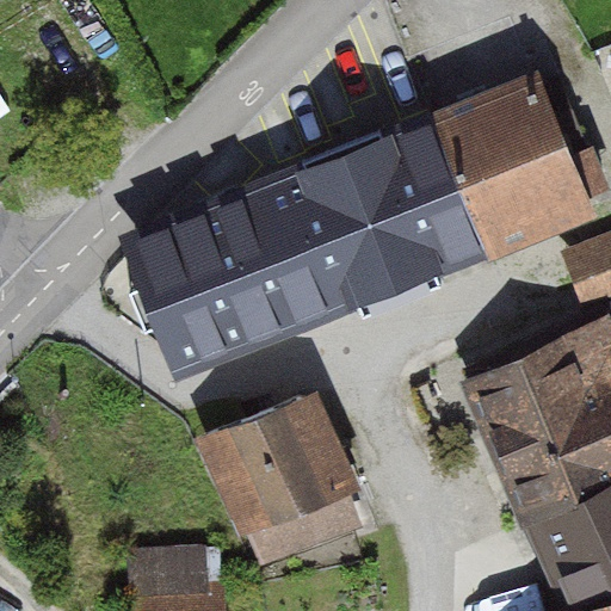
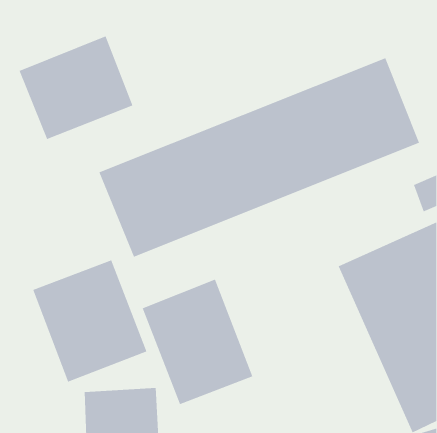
building: none -> [19,36,133,140]
building: none -> [33,259,147,382]

